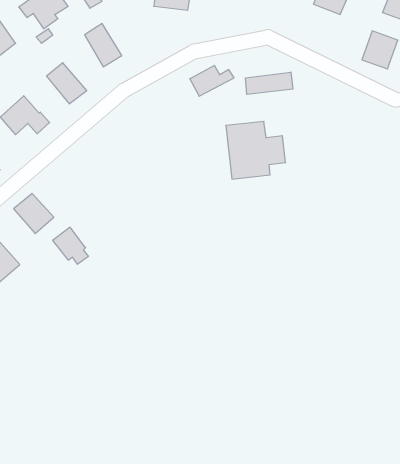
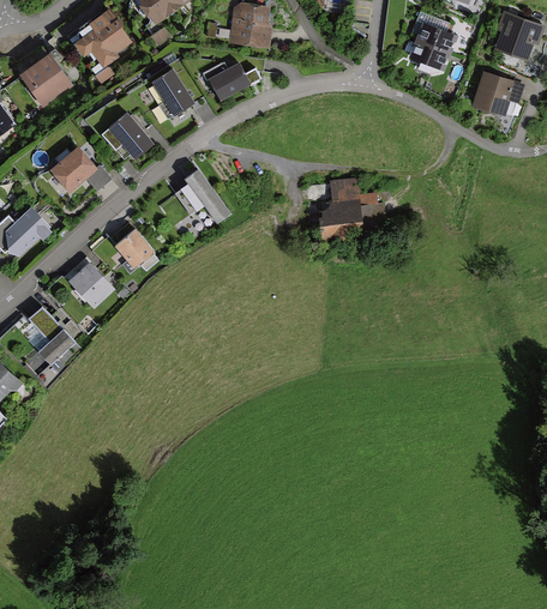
building: none -> [410,40,447,68]
building: [190,65,234,96] -> [208,60,259,96]
building: [246,72,293,94] -> none
building: none -> [175,168,232,222]
building: [53,227,89,264] -> [115,227,157,270]

